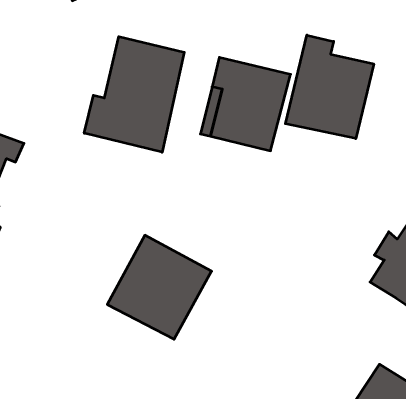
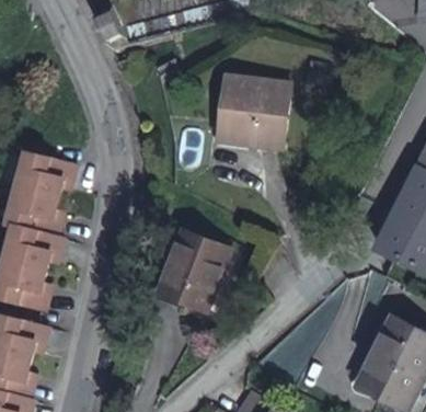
building: [285,35,374,139] -> none
building: [84,37,184,152] -> none

